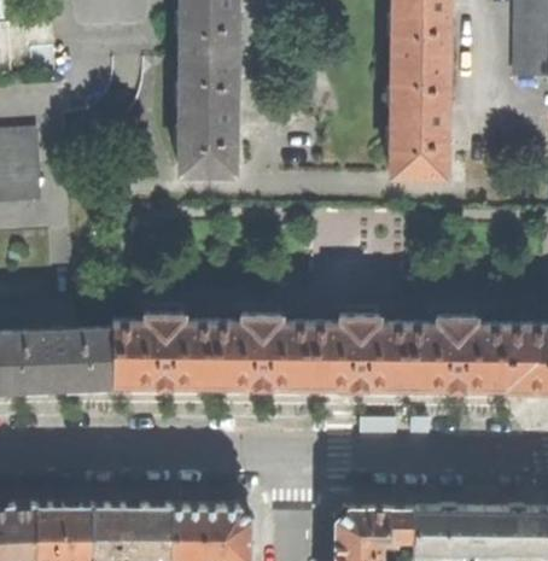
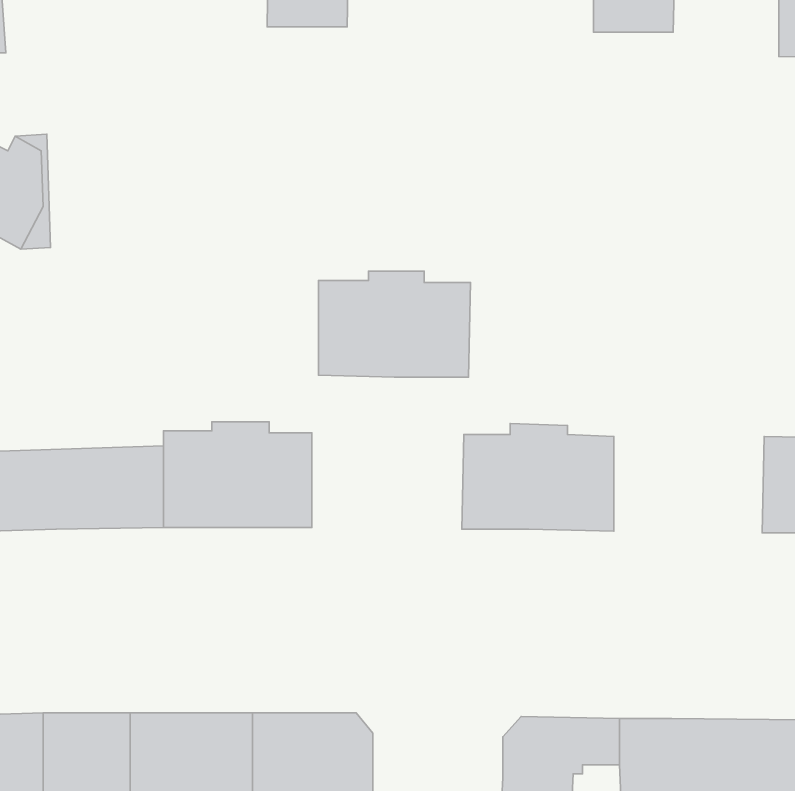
building: [180,63,233,179] -> none
building: [391,66,445,181] -> none
building: [210,321,309,390] -> [318,271,470,377]
building: [407,322,505,392] -> none

